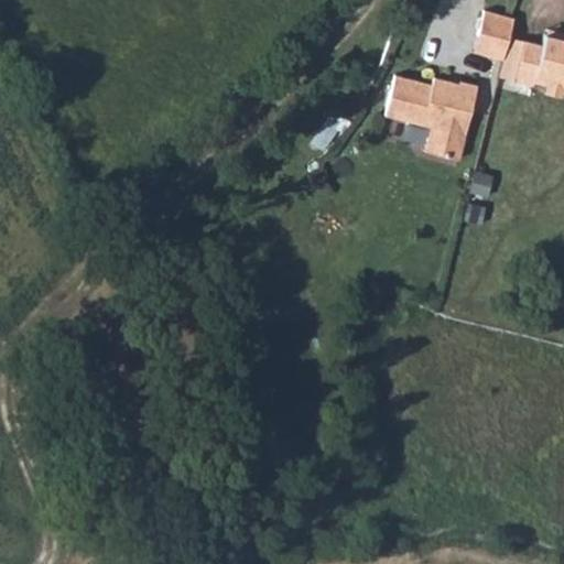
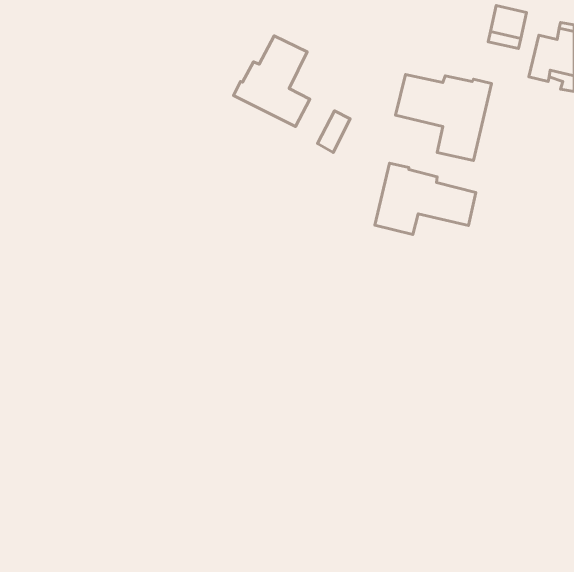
building: none -> [234,36,310,127]
building: none -> [375,163,476,235]

